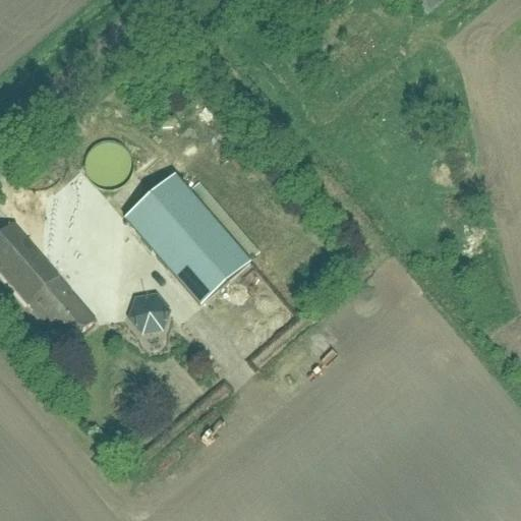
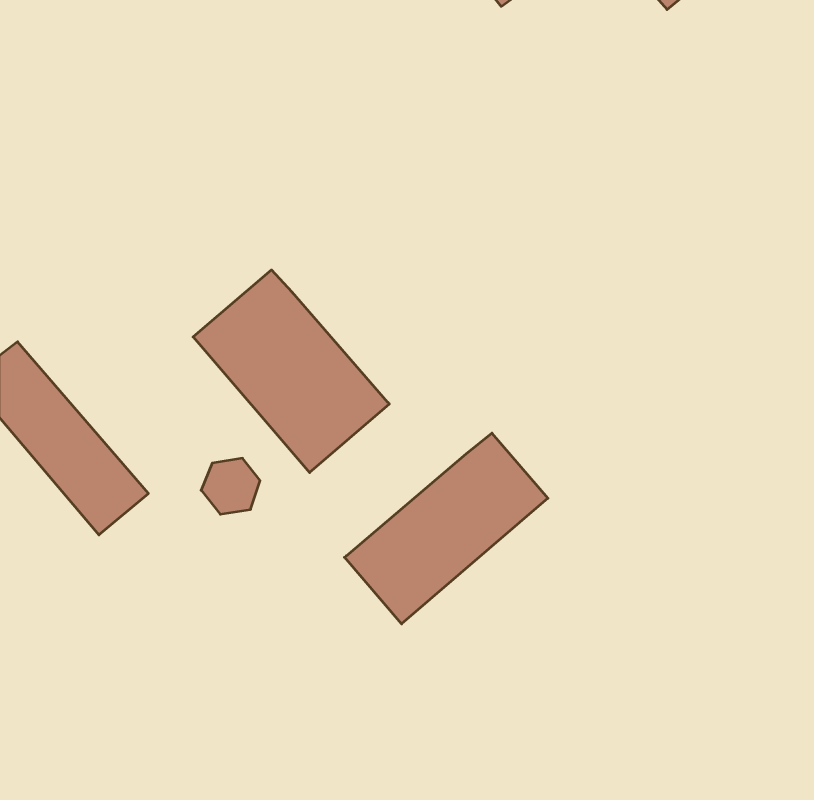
building: none -> [344,433,548,624]

